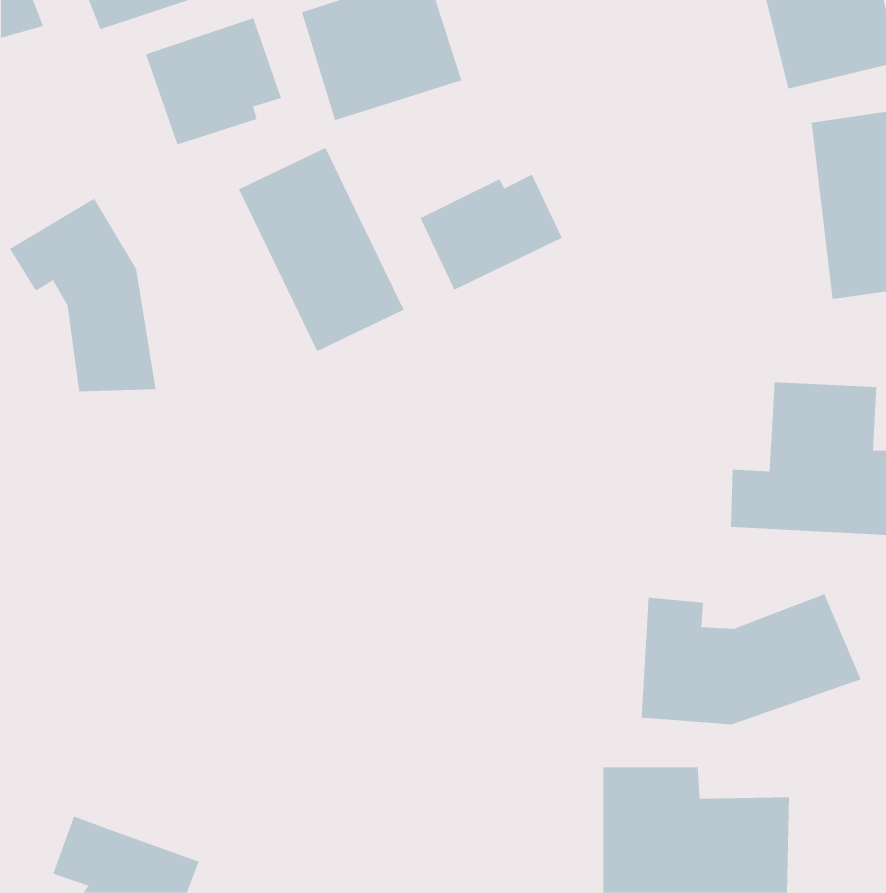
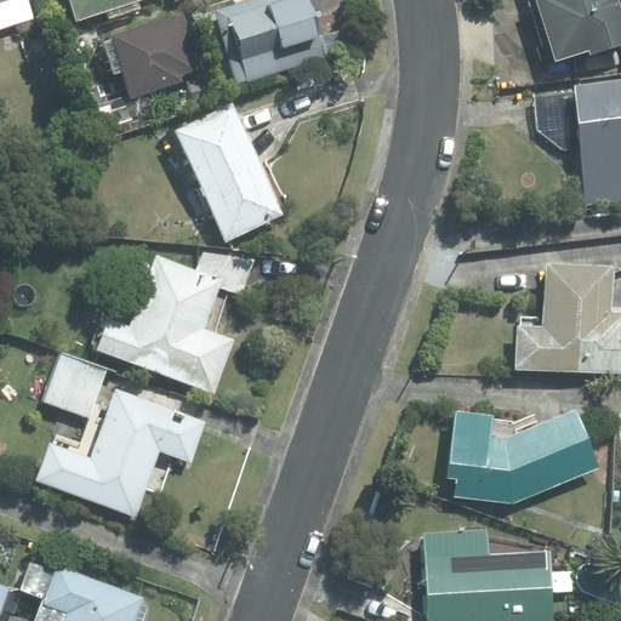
building: [420,174,562,291] -> none
building: [9,198,156,392] -> none
building: none -> [93,249,252,392]
building: none -> [32,353,210,519]

